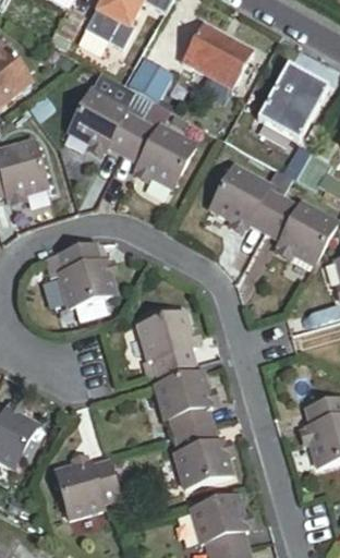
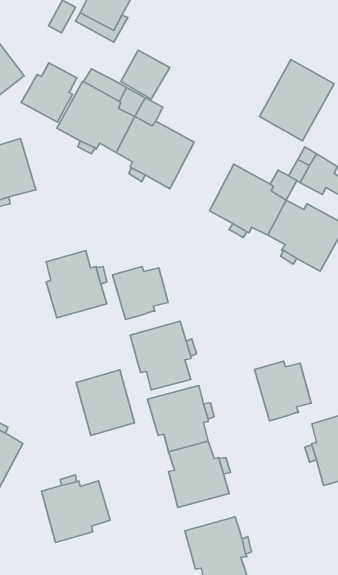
building: [183,25,252,88] -> none
building: none -> [21,63,77,122]
building: none -> [112,267,168,319]
building: none -> [254,361,311,421]
building: none -> [76,370,135,436]

